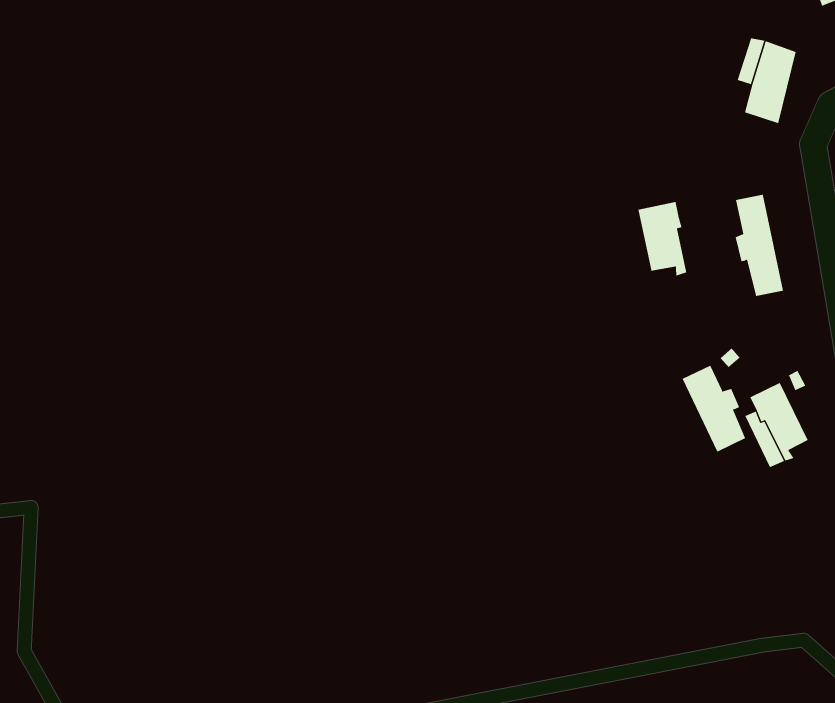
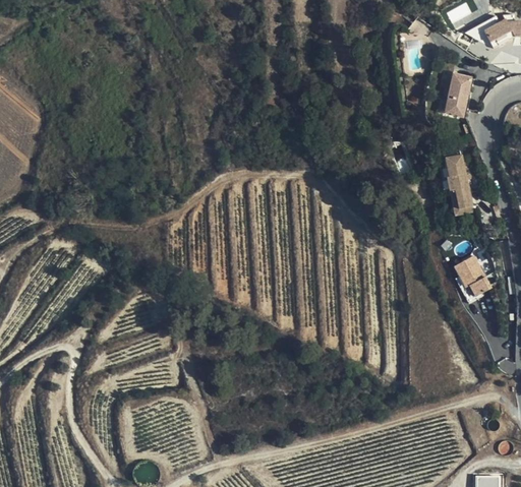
building: [638,201,687,276] -> none
building: [682,365,746,452] -> none

